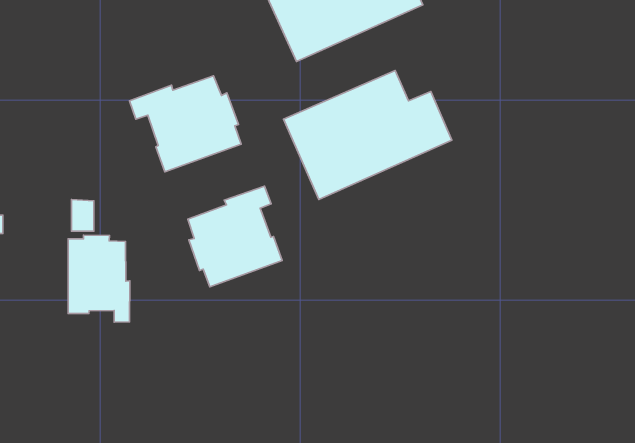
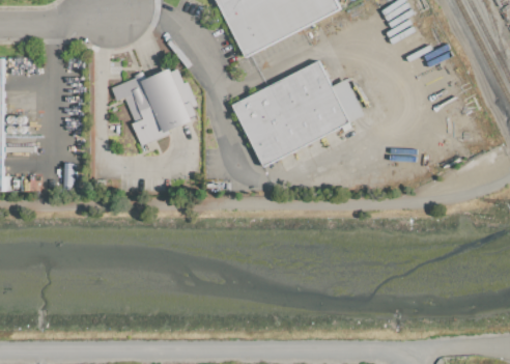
building: [188,186,282,287] -> none
building: [68,235,130,322] -> none

